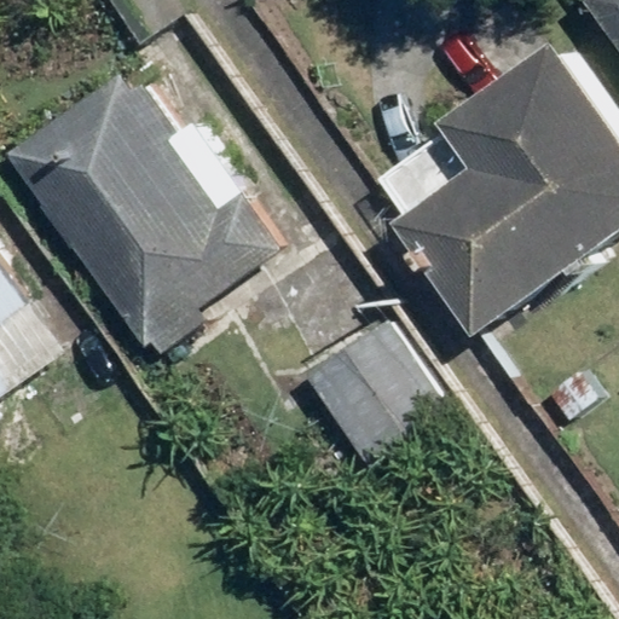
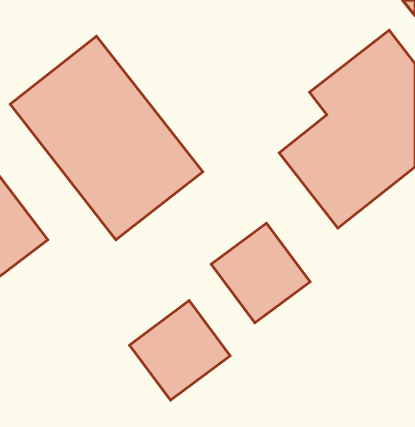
building: none -> [129,301,230,400]

